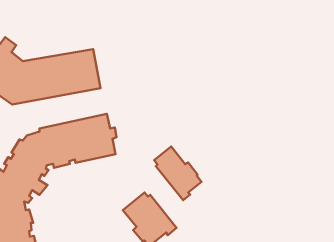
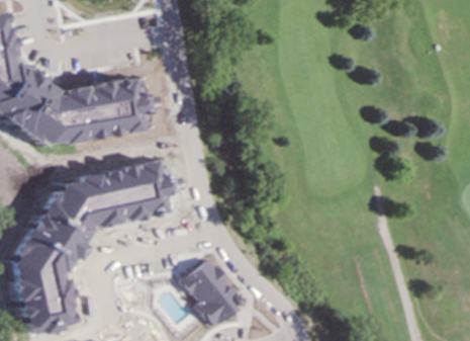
building: [154,147,201,200] -> none

